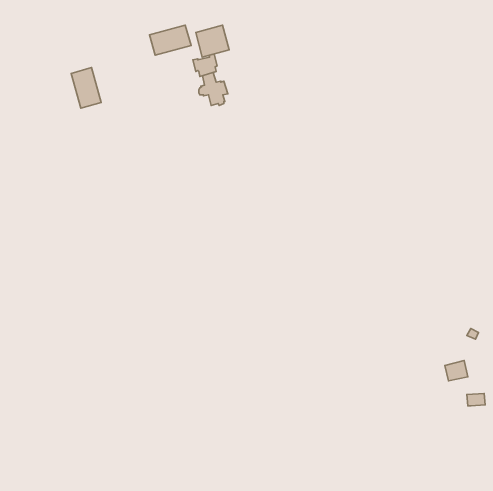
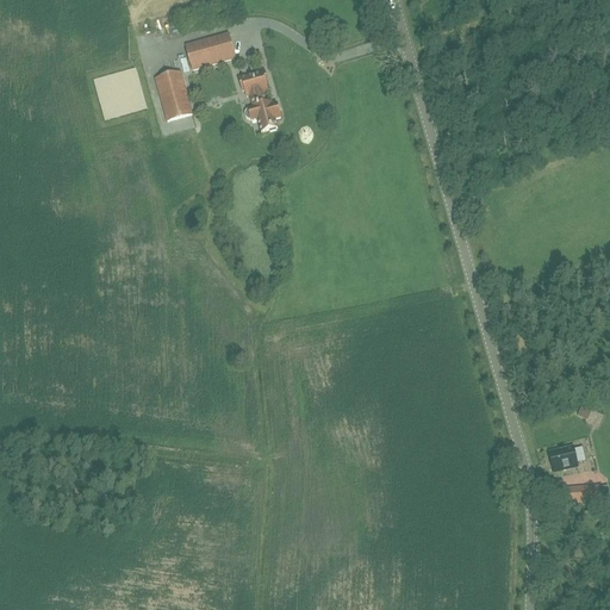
building: [196,25,229,57] -> none
building: [71,68,101,108] -> [155,69,192,119]

